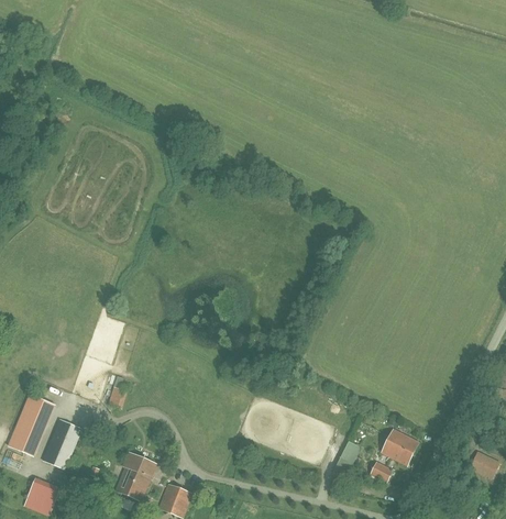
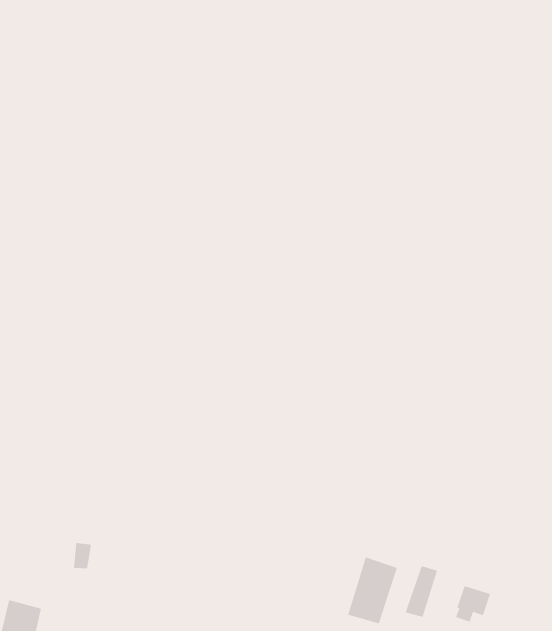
building: none -> [347,556,398,624]
building: [381,429,418,464] -> none

